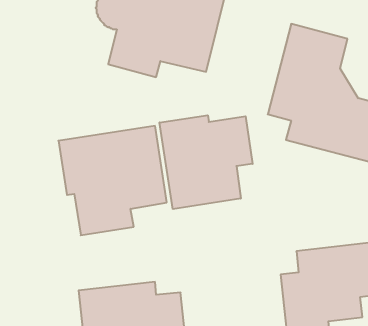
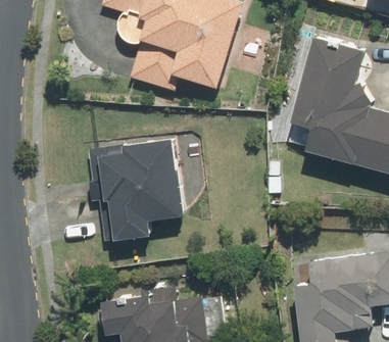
building: [160,115,253,209] -> none

